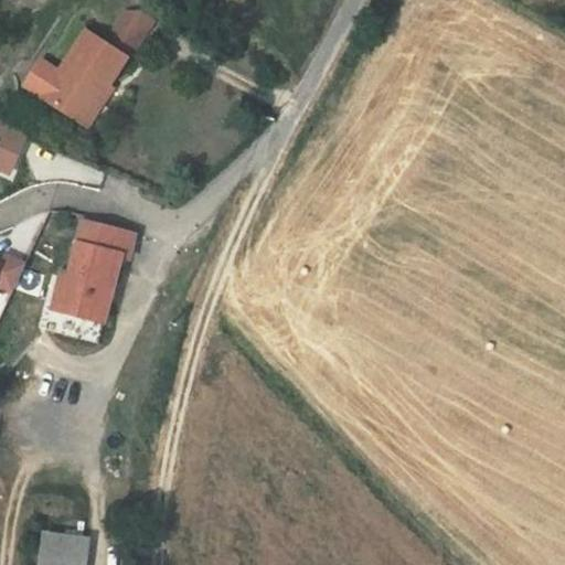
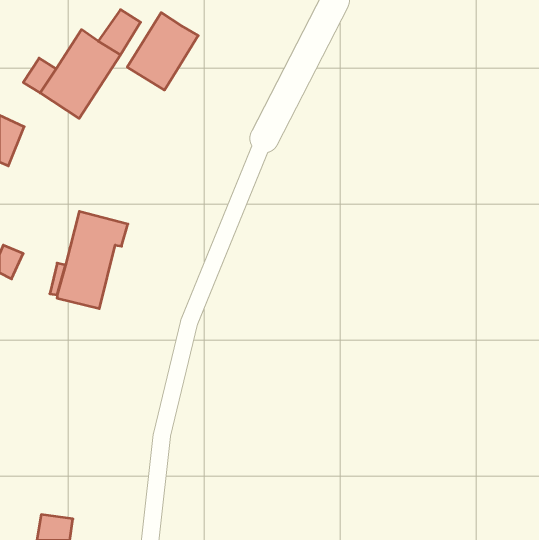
building: none -> [127,13,198,90]

